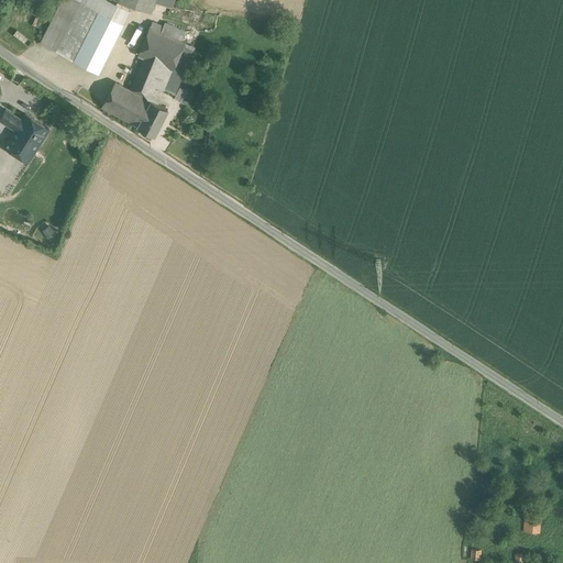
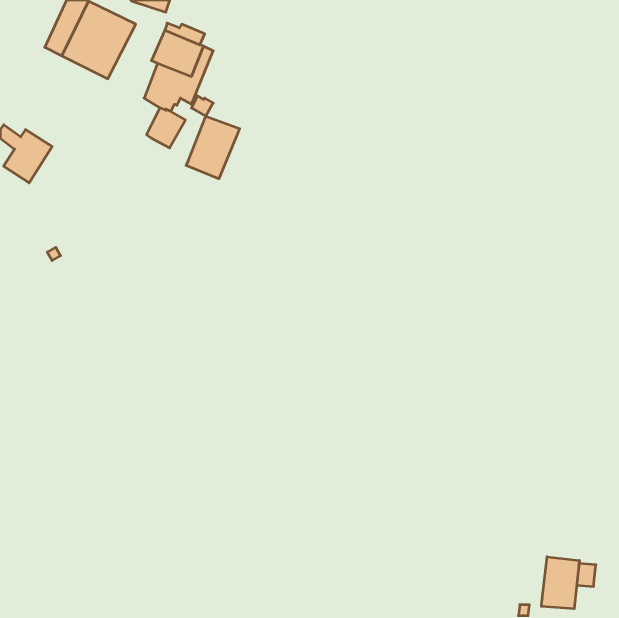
building: [101,82,145,123] -> none
building: none -> [186,116,240,179]
building: none -> [541,557,579,609]

